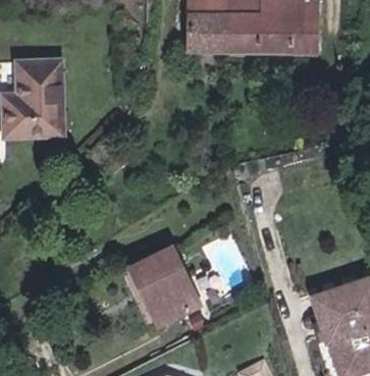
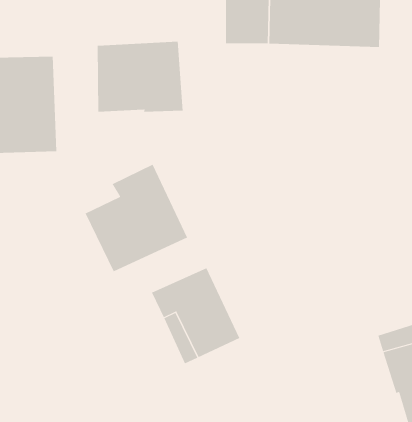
building: none -> [97,41,183,113]
building: none -> [85,164,188,272]

